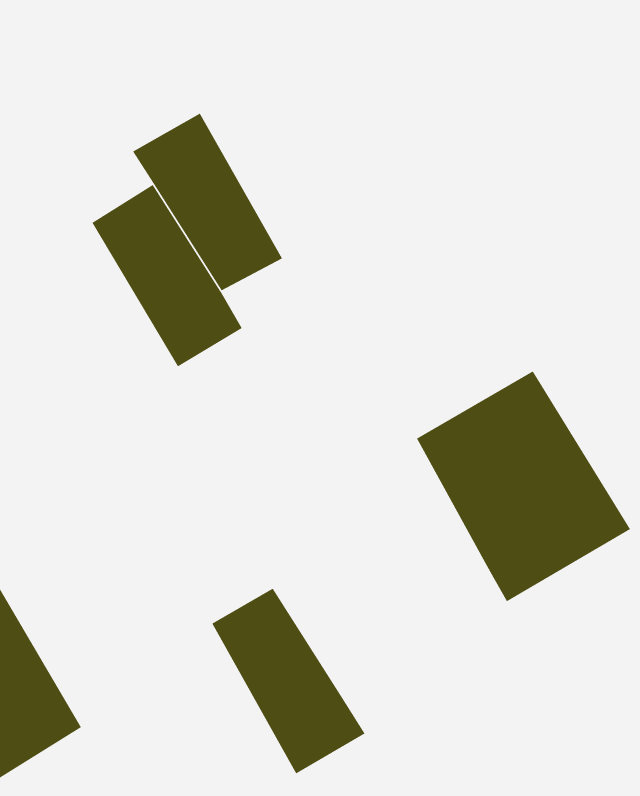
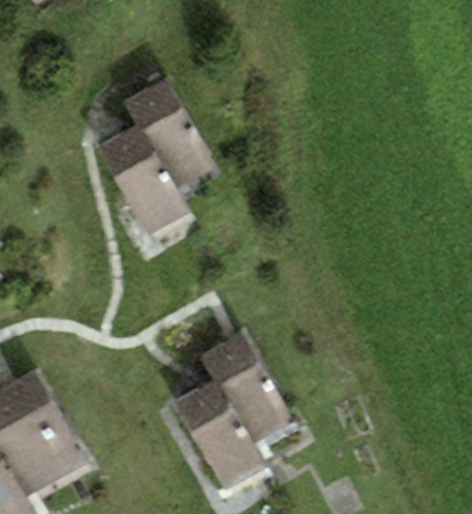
building: [416,371,631,602] -> none
building: none -> [197,333,294,446]

